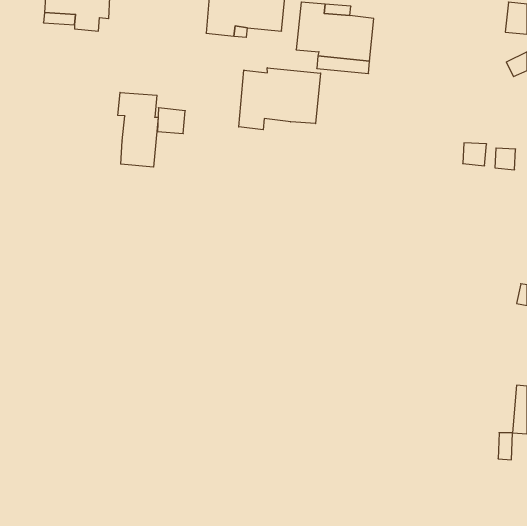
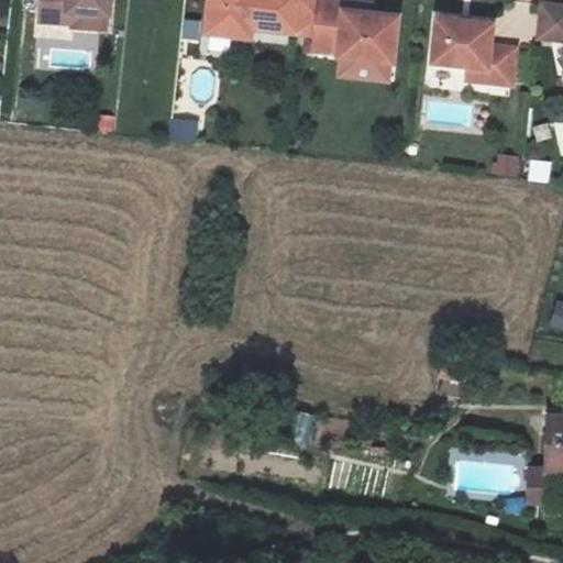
building: none -> [432,20,516,87]
building: [239,68,321,130] -> none
building: [118,92,158,167] -> none

